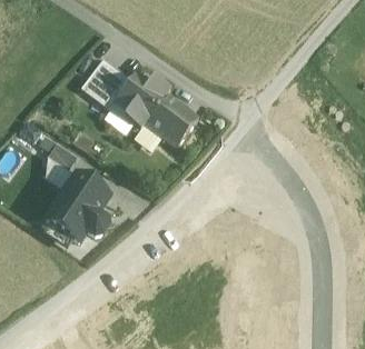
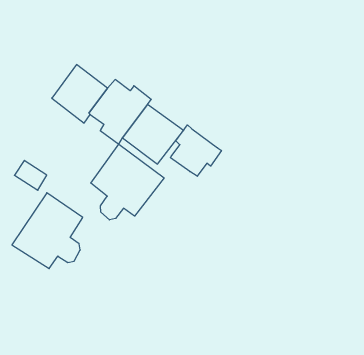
building: none -> [170,125,221,176]
building: none -> [91,144,164,220]

